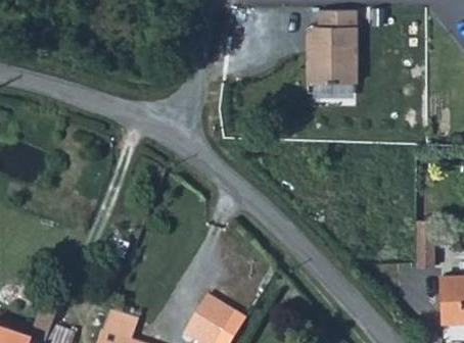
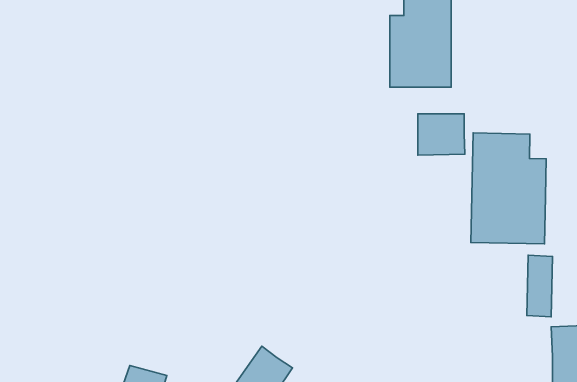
building: none -> [418,114,465,155]
building: none -> [471,133,546,244]

